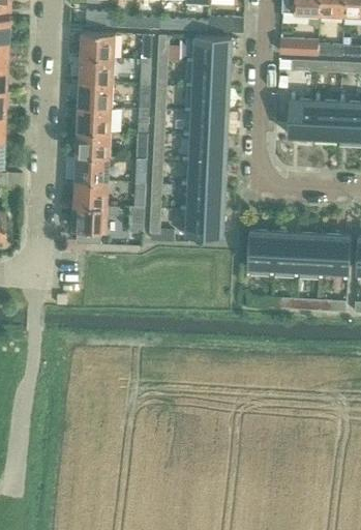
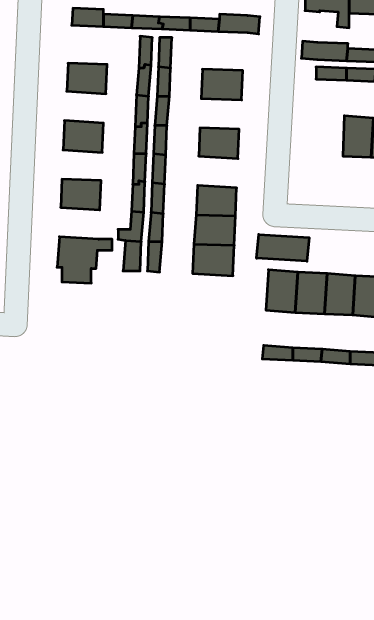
building: [82,32,116,58] -> none
building: [195,36,231,63] -> none
building: [79,82,114,108] -> none
building: [193,87,229,113] -> none
building: [289,100,315,136] -> none
building: [77,130,111,156] -> none
building: [191,136,225,163] -> none
building: [74,179,109,206] -> none
building: none -> [257,234,309,261]

